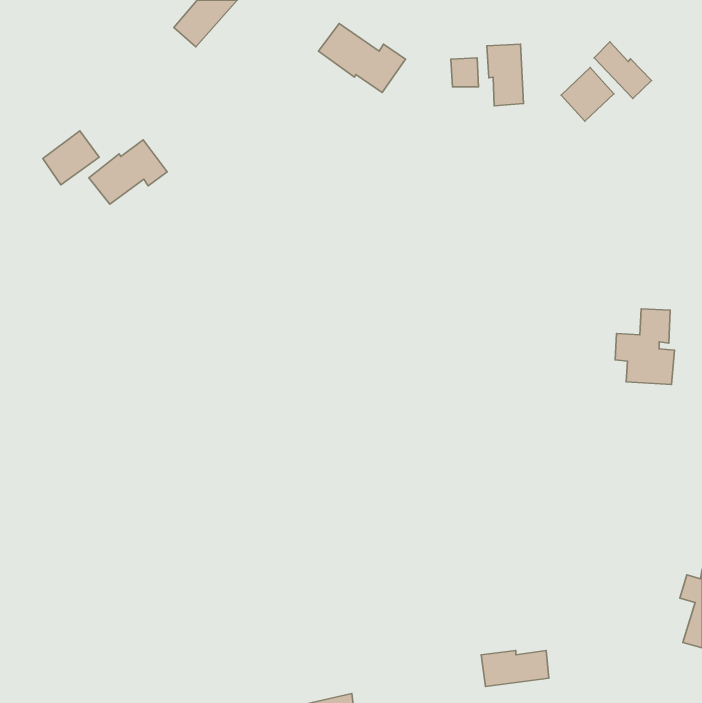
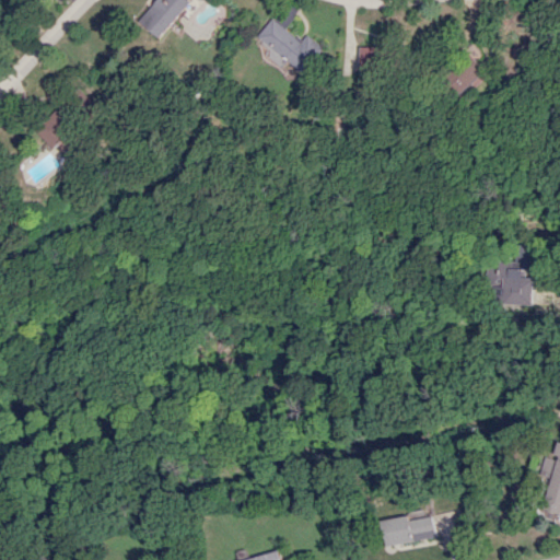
building: [594,42,652,99] -> none
building: [487,44,523,106] -> none
building: [89,140,167,204] -> none

